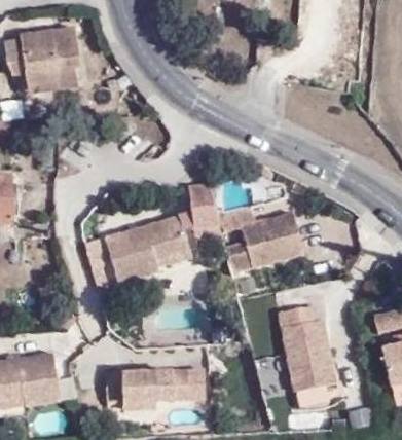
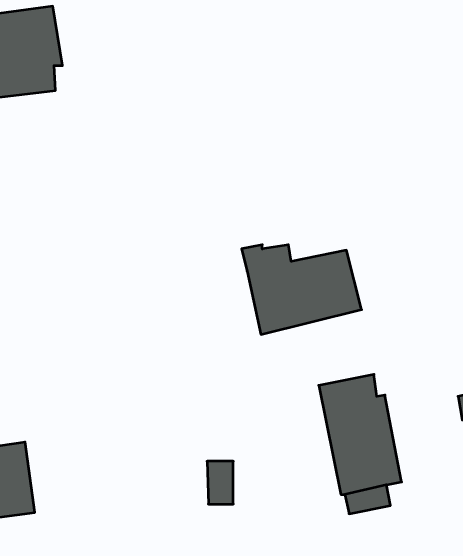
building: [184,184,220,228] -> none
building: [102,214,191,288] -> none
building: [105,367,189,403] -> none

